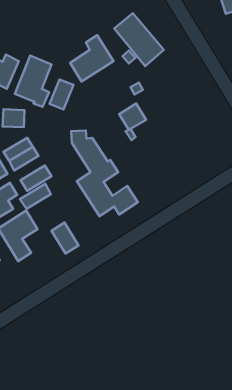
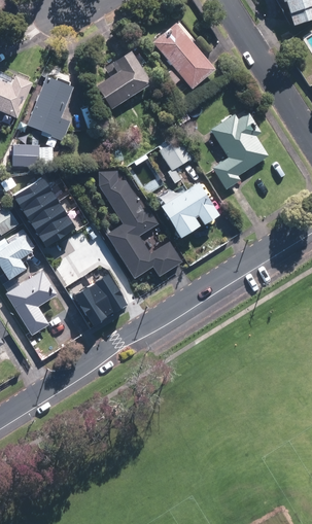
building: [49,79,74,110] -> none
building: none -> [210,111,268,188]
building: none -> [161,181,218,236]
building: [20,184,51,209] -> [26,201,65,233]
building: none -> [90,276,125,315]

